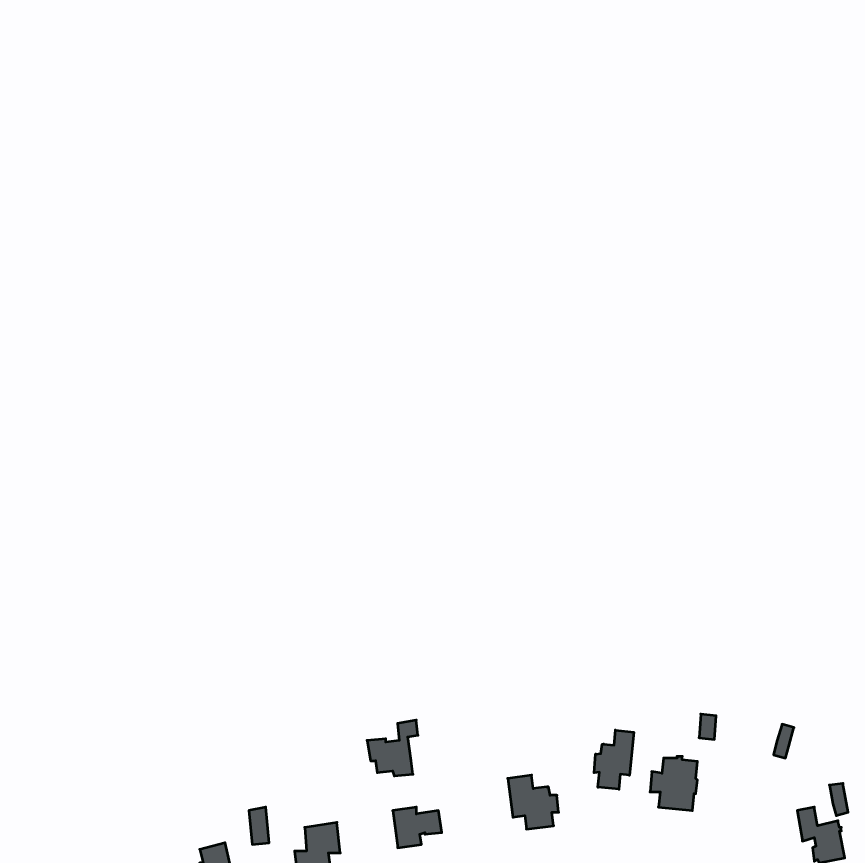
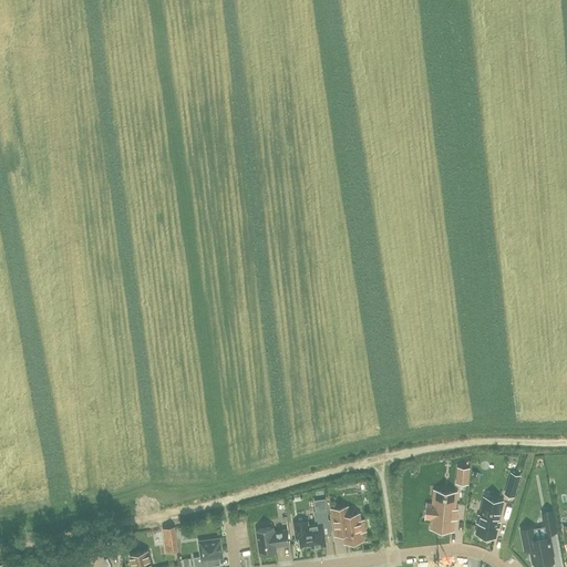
building: [367,720,418,776] -> [295,512,328,548]
building: [594,730,634,789] -> none
building: none -> [476,499,501,538]

